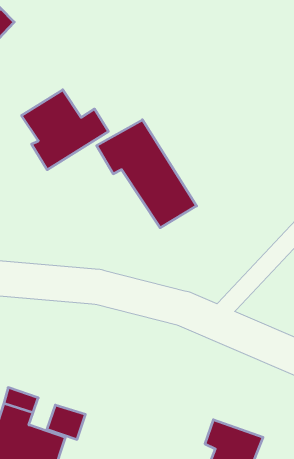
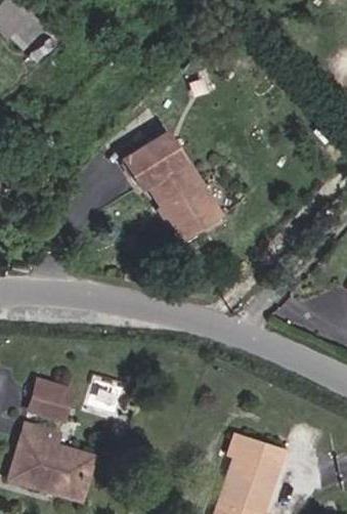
building: [22,90,108,170] -> none
building: [47,405,85,439] -> [34,374,72,408]

